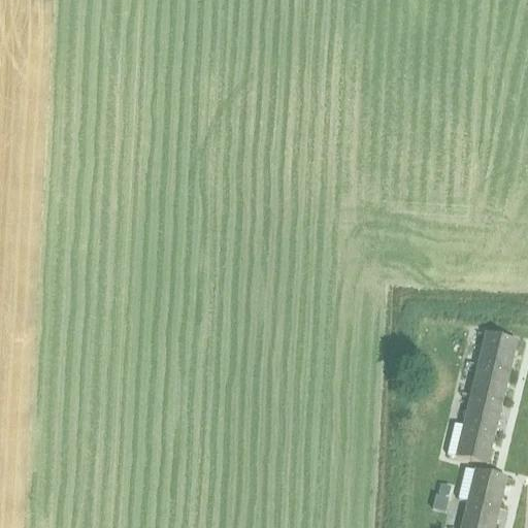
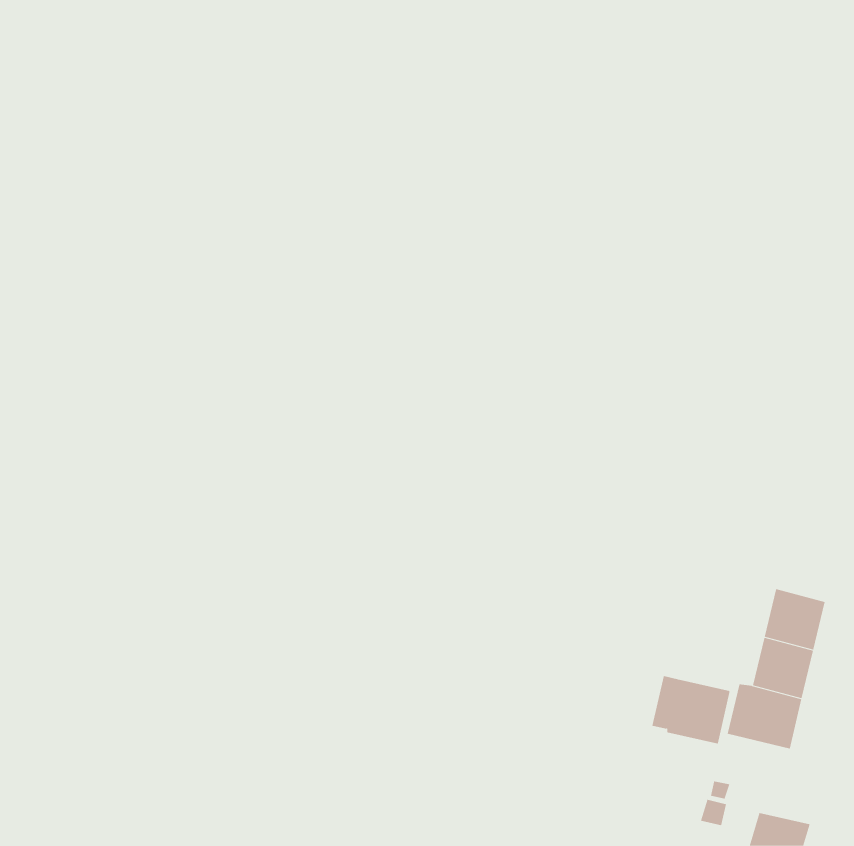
building: [478,332,517,371] -> none
building: [459,466,507,508] -> [652,676,730,744]

